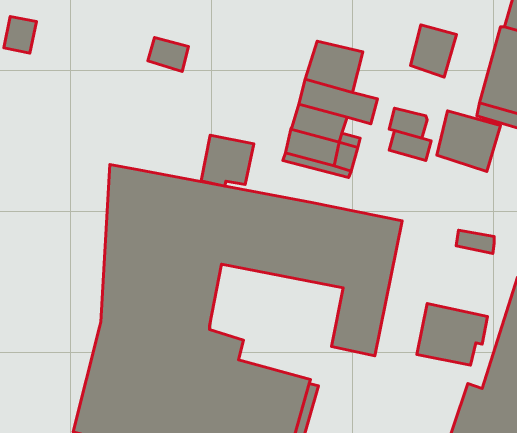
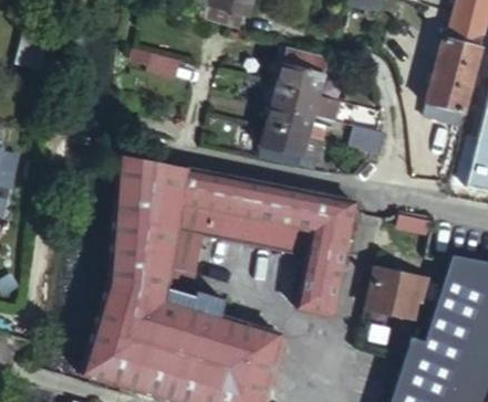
building: [411,25,456,77] -> none
building: [437,111,500,171] -> none
building: [201,135,254,186] -> none

